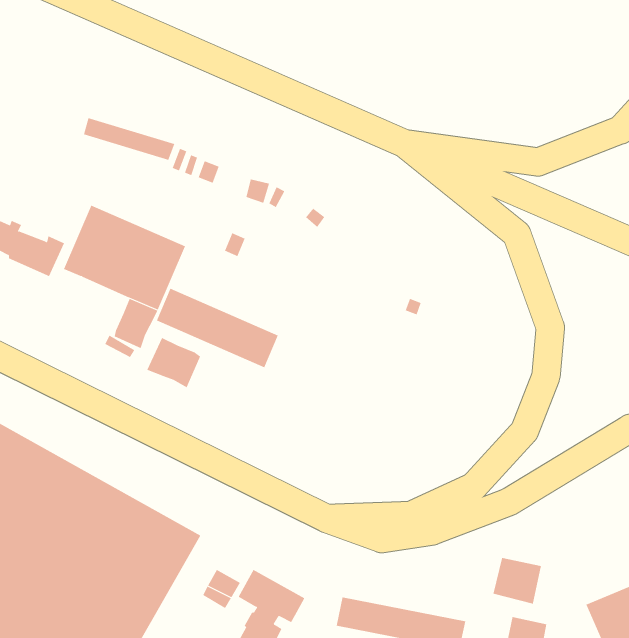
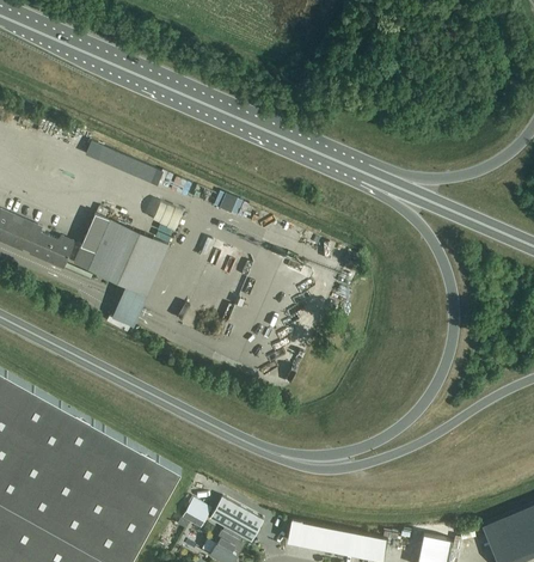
building: [156,288,278,368] -> none
building: [147,337,201,388] -> none
building: [493,557,541,605] -> none

